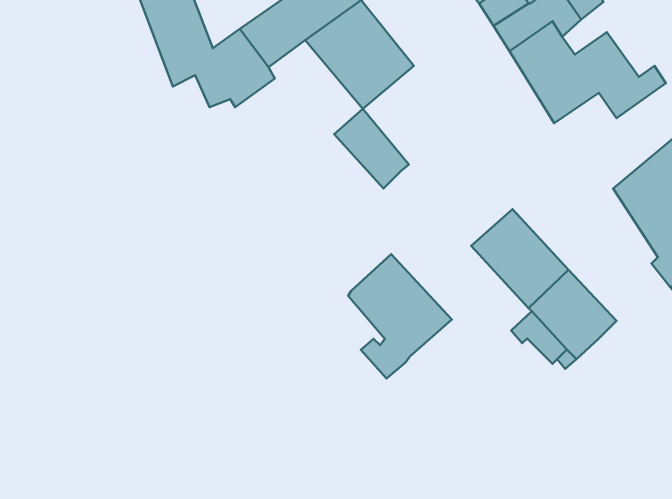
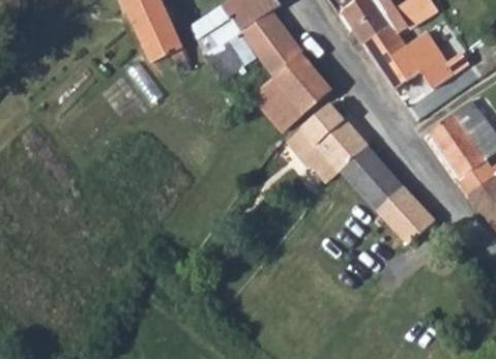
building: none -> [269,53,329,117]
building: [348,254,452,379] -> [299,103,367,184]

